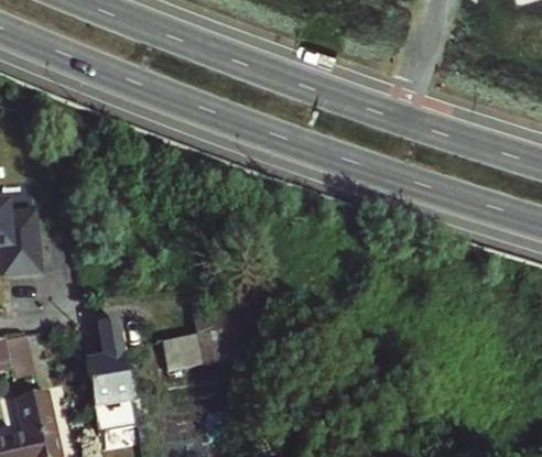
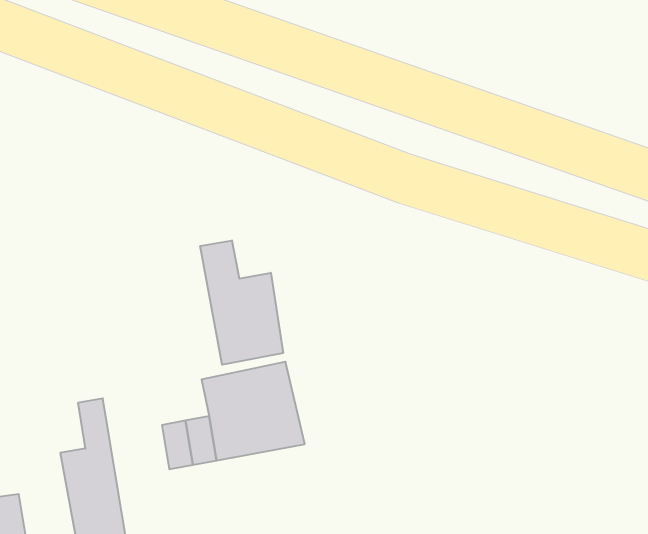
building: none -> [200,240,283,365]

